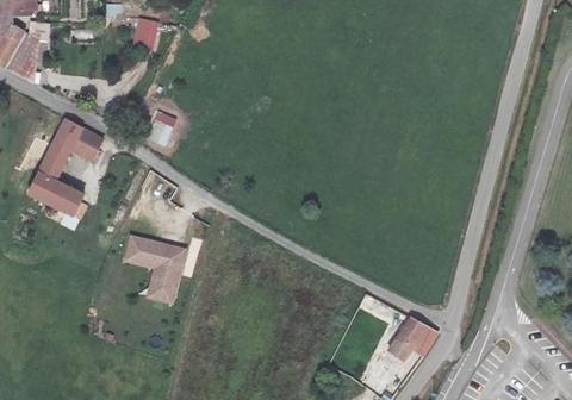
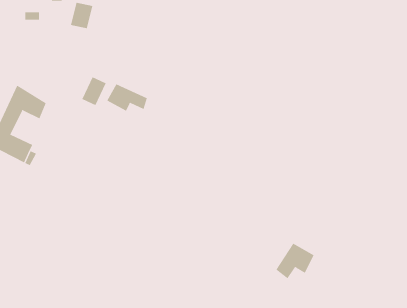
building: none -> [106,83,148,111]
building: [120,232,186,302] -> none

